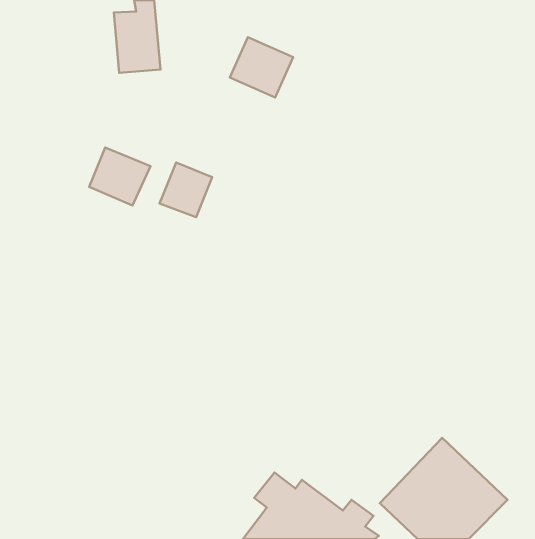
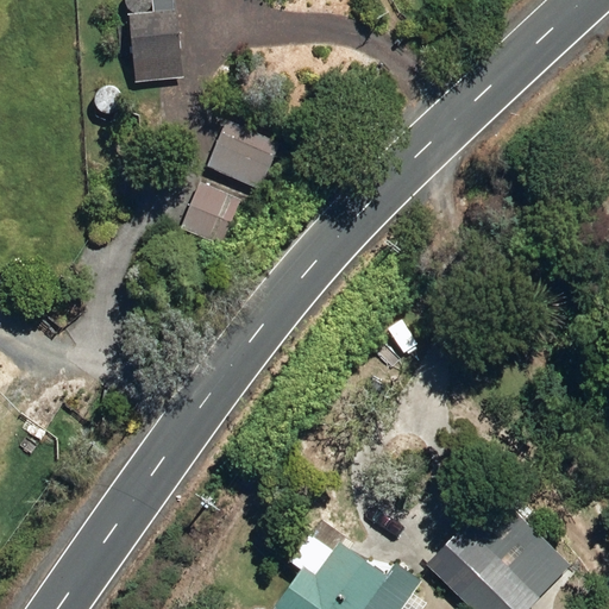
building: [230,37,293,97] -> [207,121,278,189]
building: [89,147,150,205] -> none

